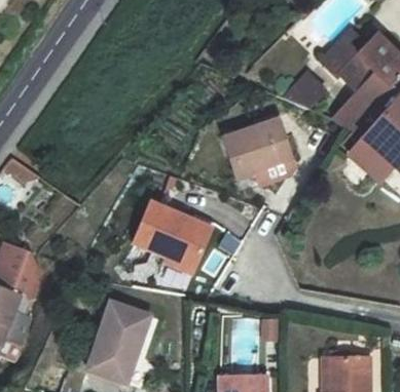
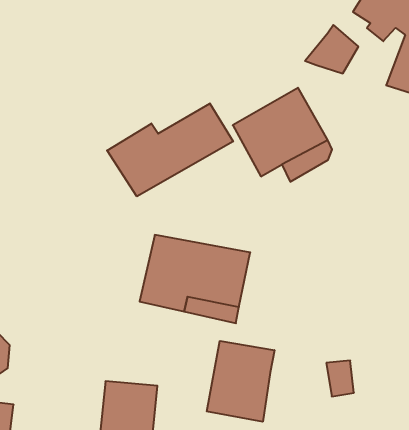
building: none -> [107,103,233,196]
building: none -> [207,341,274,422]

